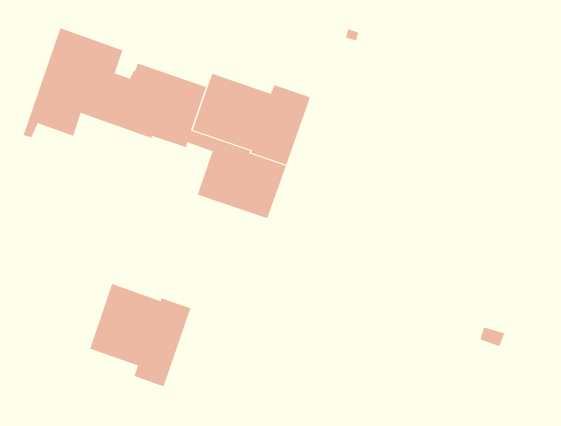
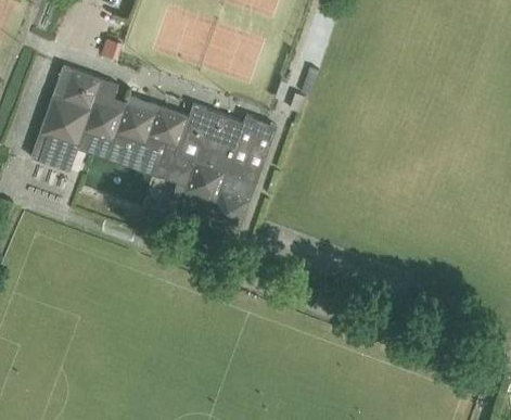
building: [89,283,191,387] -> none

